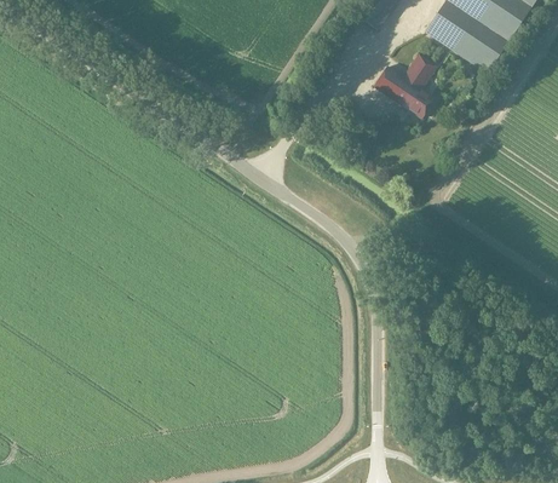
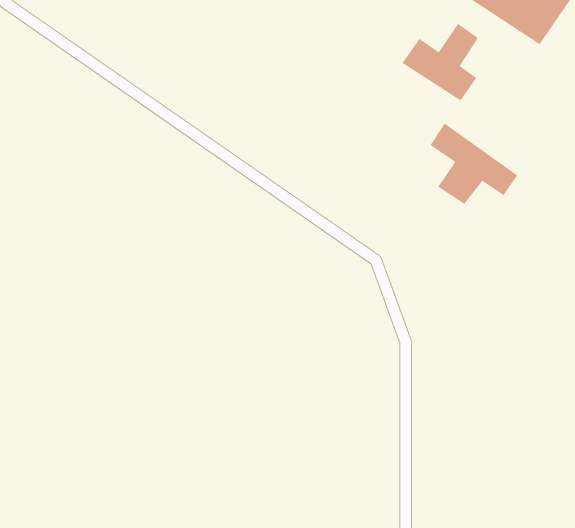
building: none -> [429,123,518,205]

